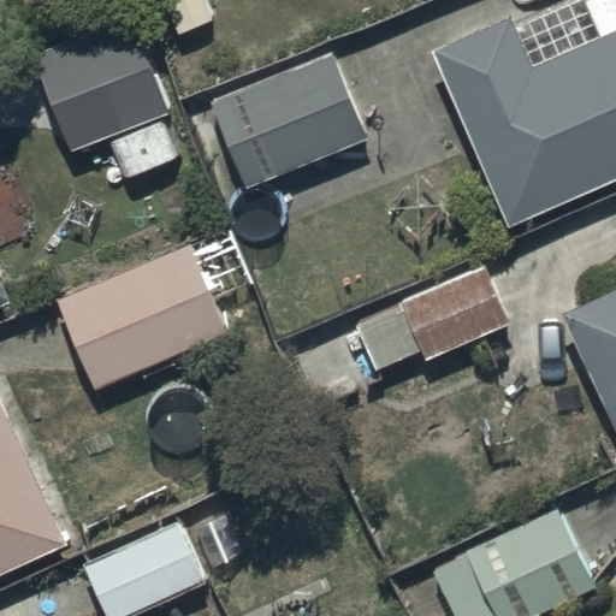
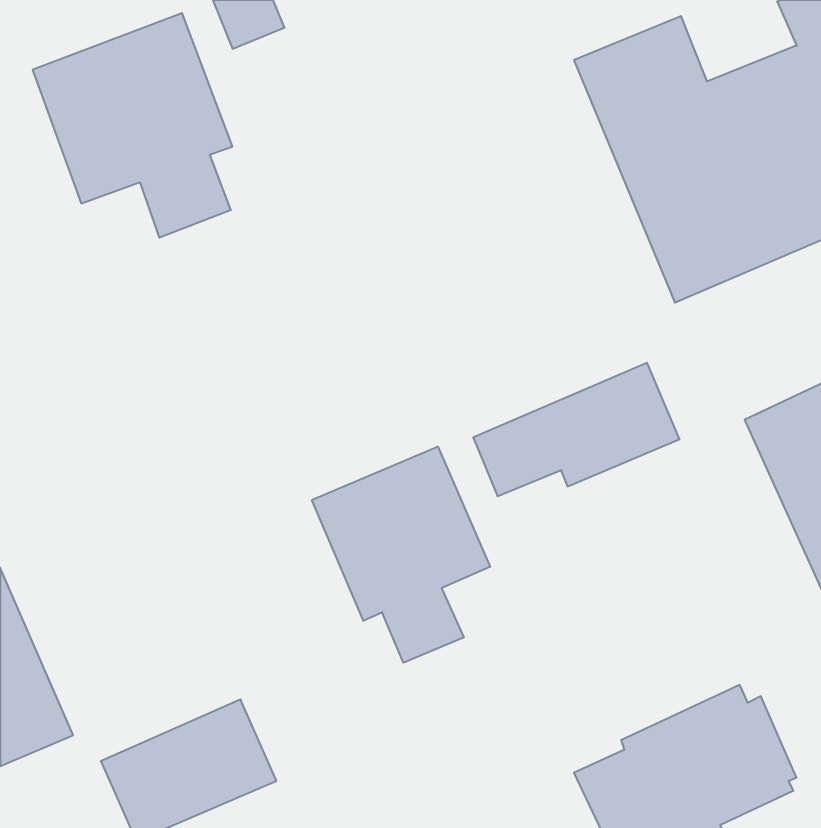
building: [209,55,371,189] -> none
building: [53,225,255,390] -> none
building: none -> [312,447,490,663]

